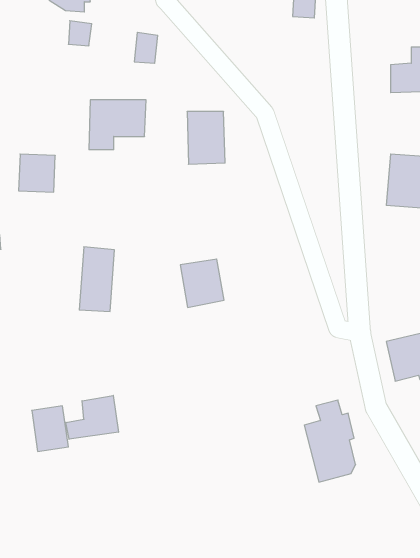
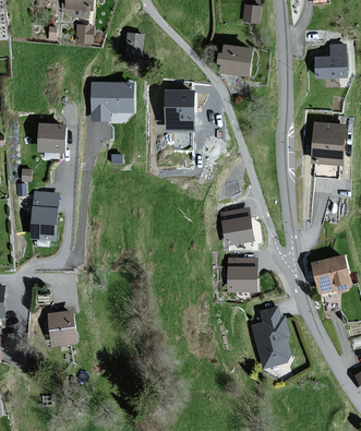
building: none -> [216,44,253,76]
building: [79,247,114,311] -> [31,191,57,239]
building: [180,259,224,307] -> [220,208,253,244]
building: none -> [228,258,256,290]
building: [66,395,118,439] -> none

